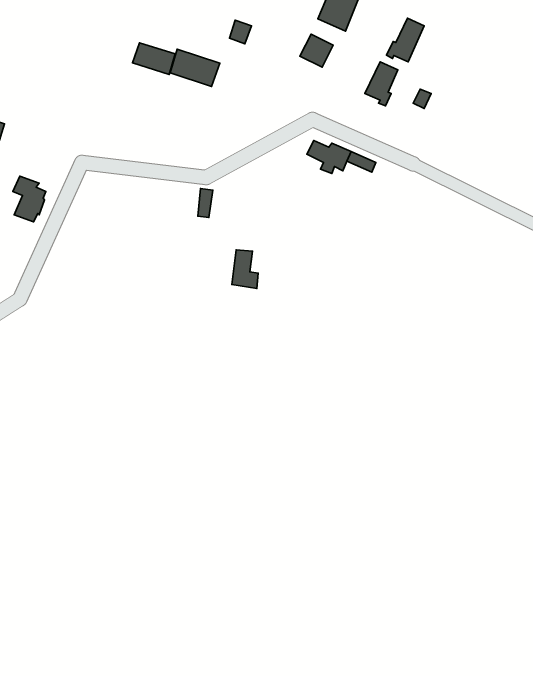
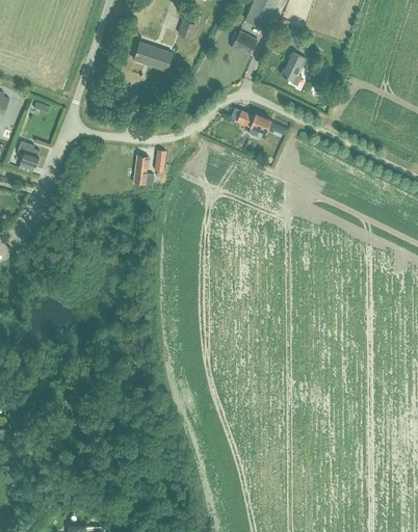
building: [387,18,424,62] -> none
building: [133,43,175,75] -> none
building: [232,250,258,288] -> [133,156,153,185]

